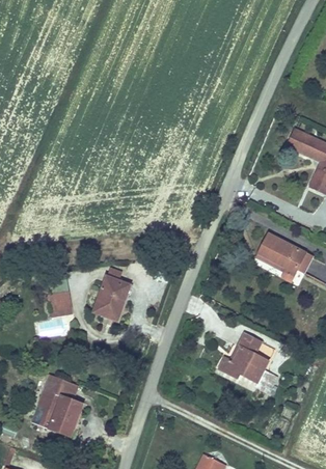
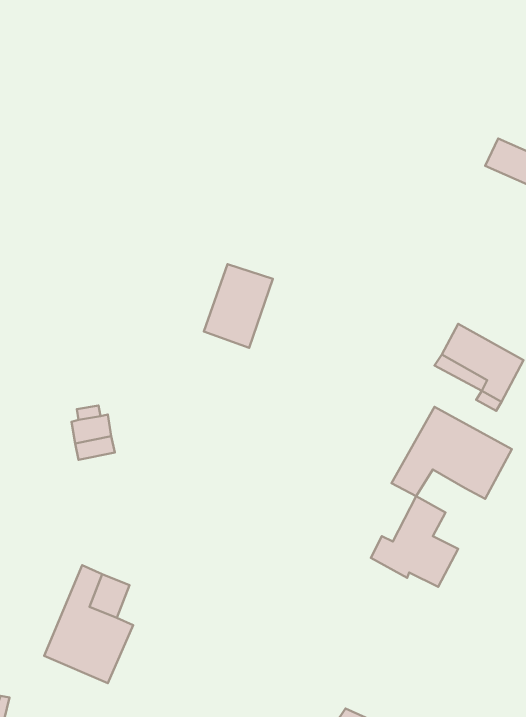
building: [92,275,132,323] -> [204,264,273,348]
building: none -> [392,407,512,499]

